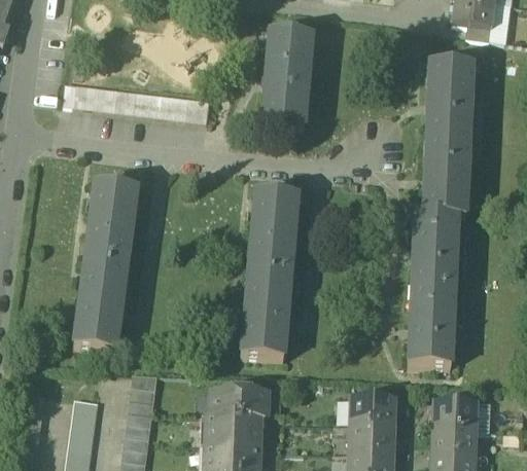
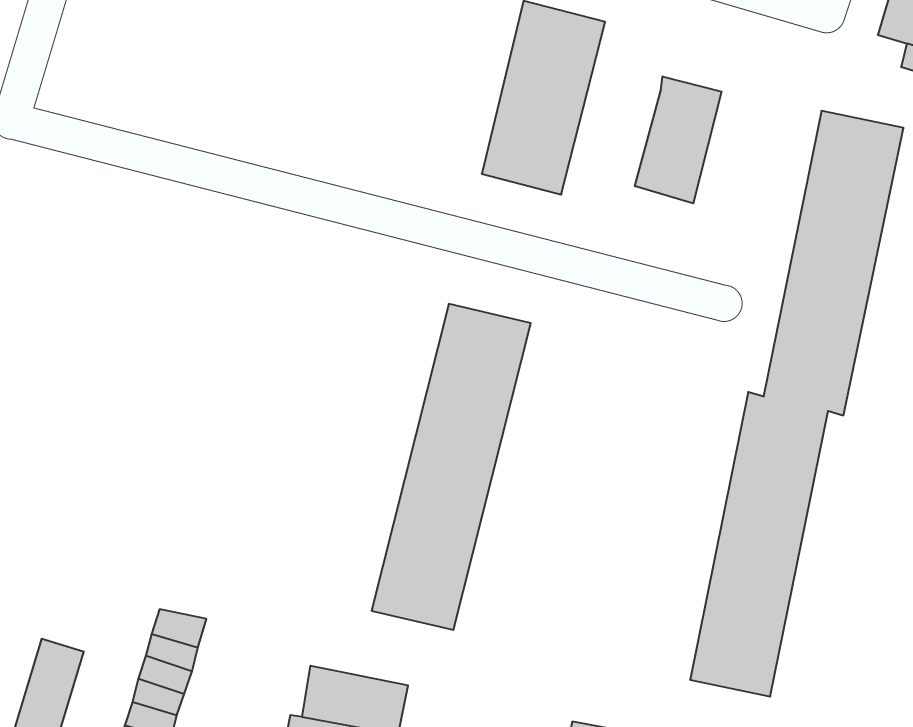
building: none -> [635,76,722,203]
building: [63,81,210,119] -> none
building: [73,184,137,352] -> none

